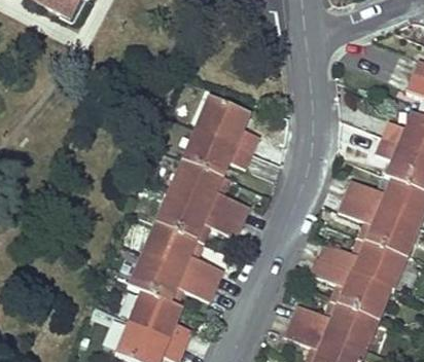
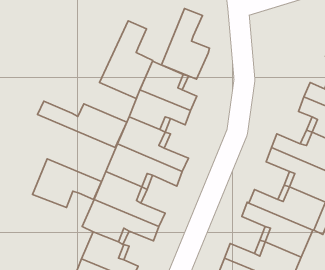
building: none -> [161,9,210,79]
building: none -> [99,21,153,99]
building: none -> [37,101,127,147]
building: none -> [33,159,102,207]

